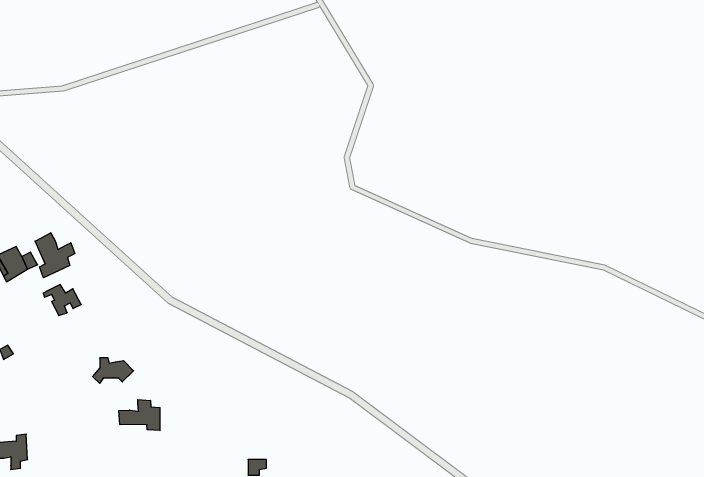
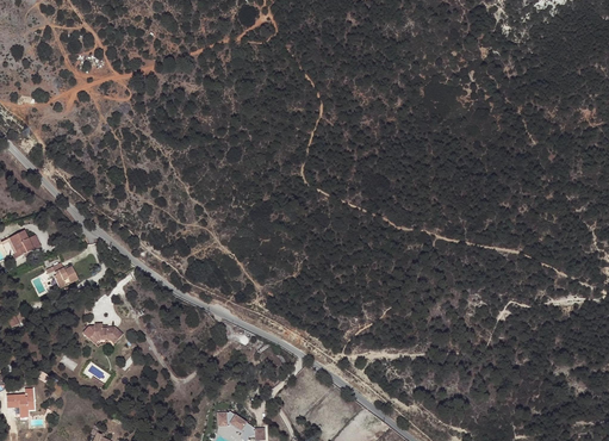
building: [35,233,75,278] -> none
building: [119,400,160,431] -> none

